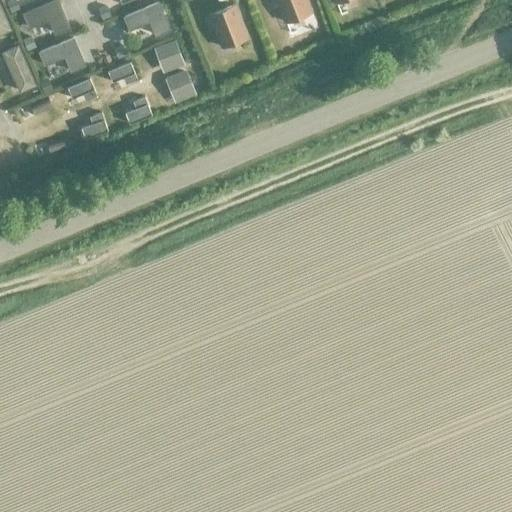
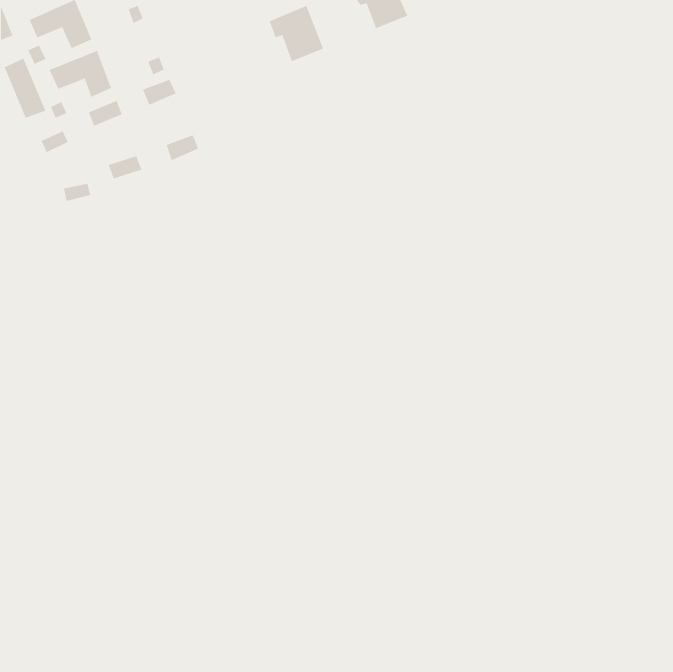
building: [123,4,170,38] -> none
building: [153,37,184,71] -> none
building: [165,68,196,101] -> none

